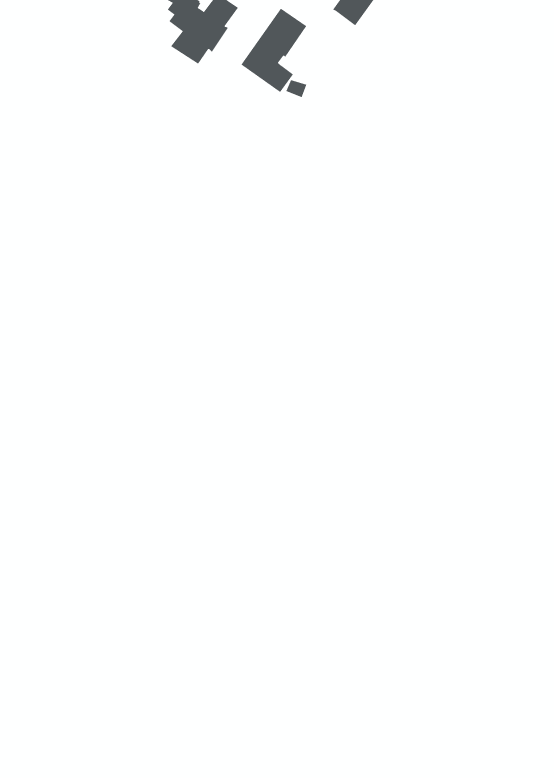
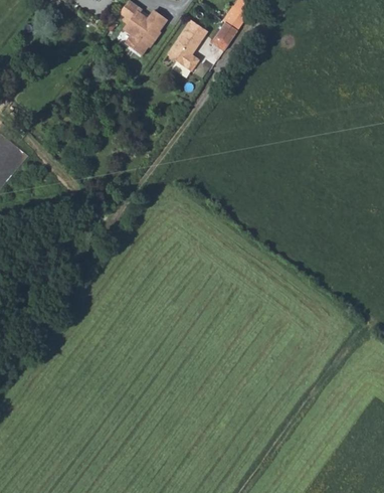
building: none -> [210,22,236,51]

